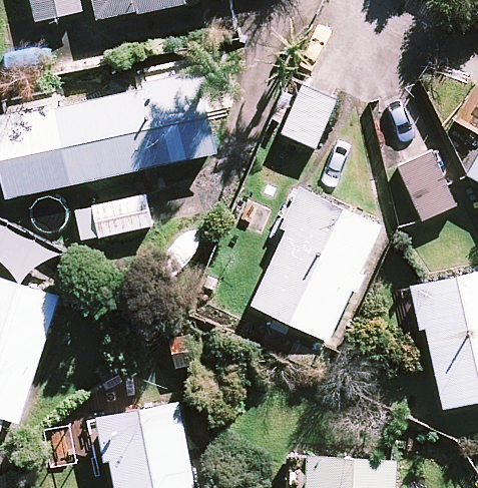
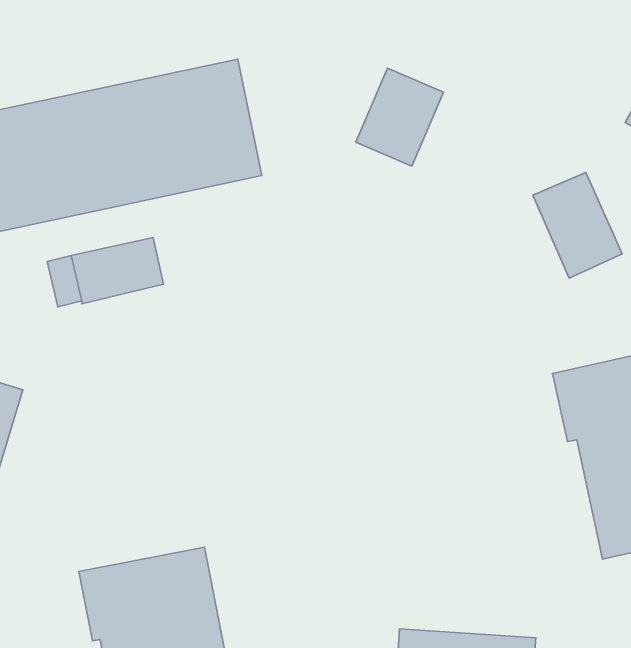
building: [250,186,382,342] -> none

